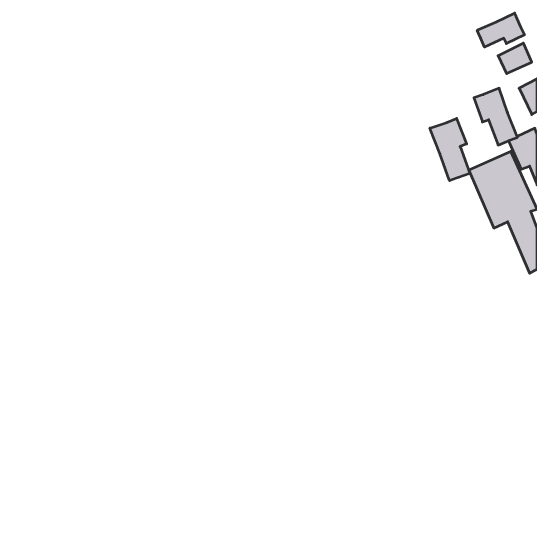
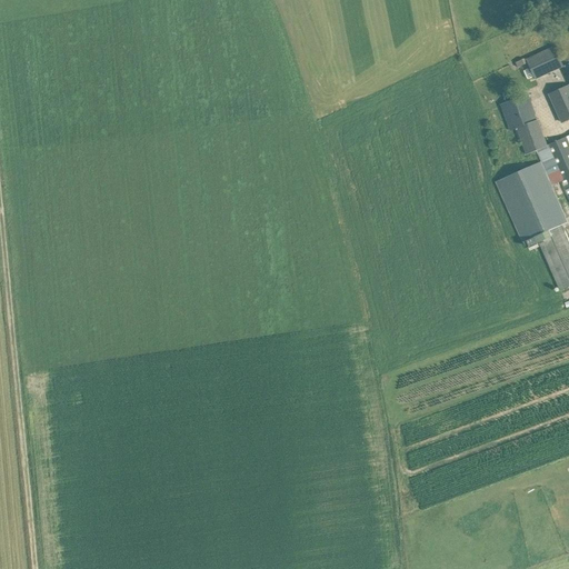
building: [477,13,524,47] -> none
building: [430,118,470,181] -> none

